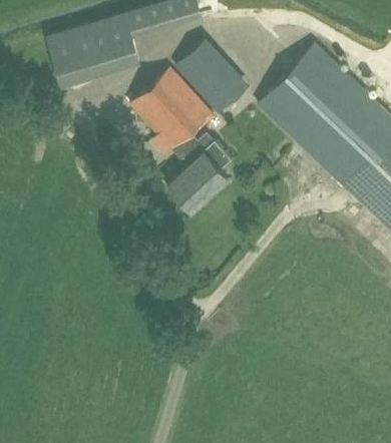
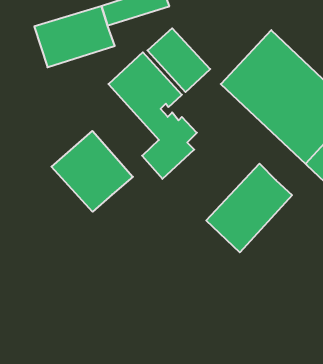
building: none -> [51,131,133,212]
building: none -> [206,164,292,252]

